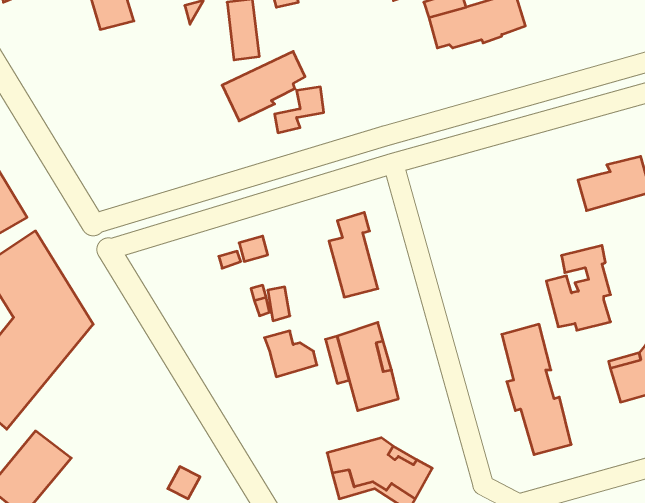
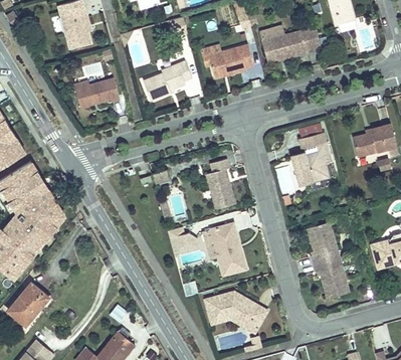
building: none -> [208,45,252,73]
building: none -> [76,76,119,105]
building: [546,245,611,330] -> [288,130,327,180]

